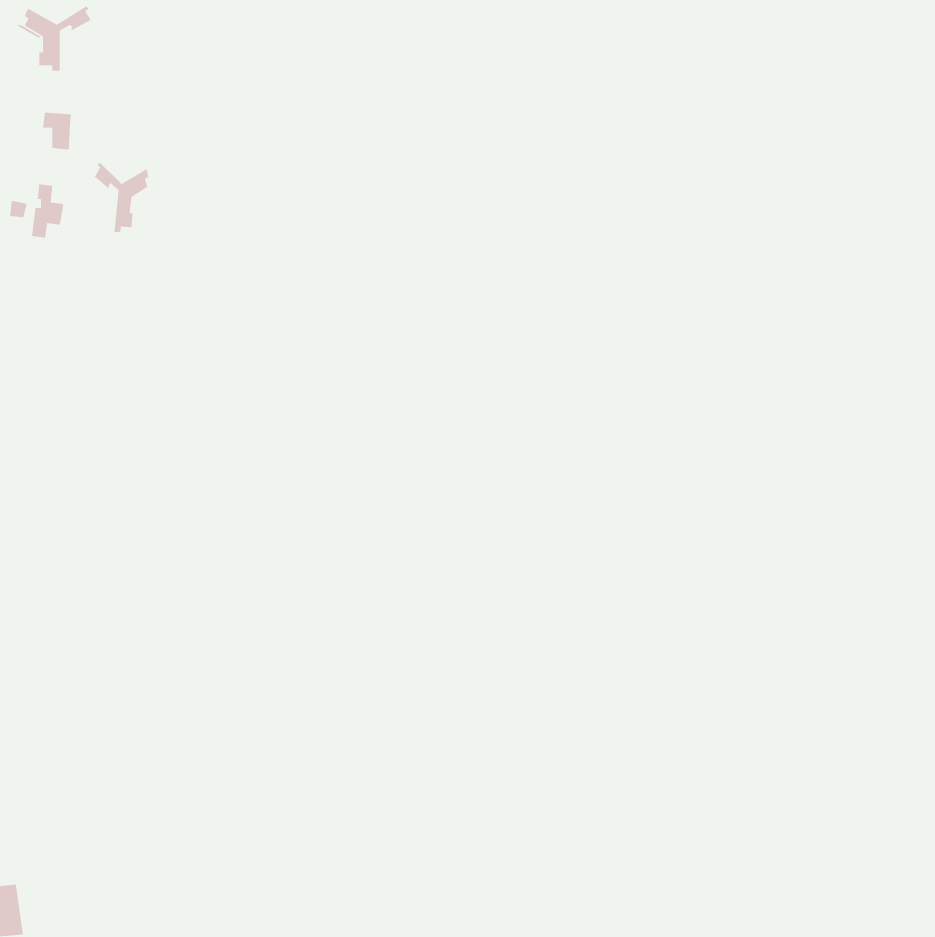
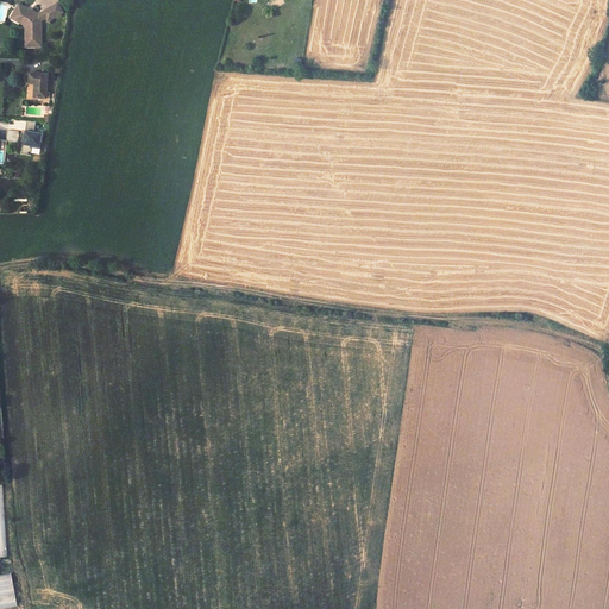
building: [94,162,149,233] -> none

